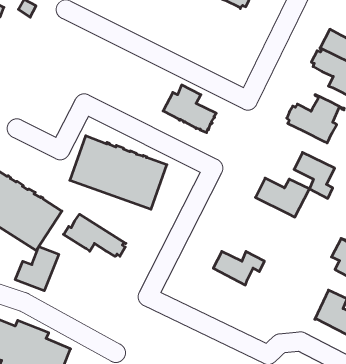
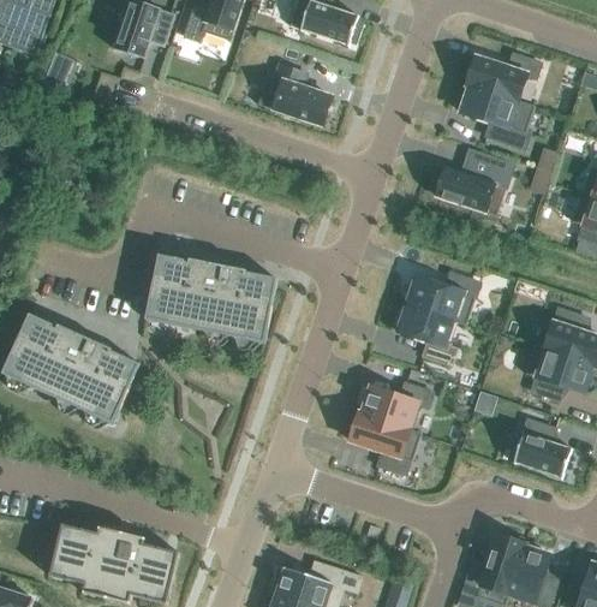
building: [163,85,216,133] -> [257,64,332,125]
building: [294,152,335,198] -> [398,305,455,364]
building: [63,214,126,256] -> none
building: [15,247,59,291] -> none
building: none -> [350,412,420,474]

